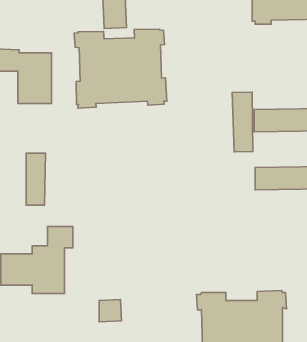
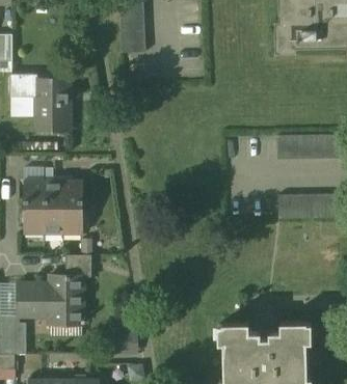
building: [74,29,167,108] -> none
building: [232,92,253,152] -> none
building: none -> [24,182,44,235]
building: none -> [62,182,83,235]

